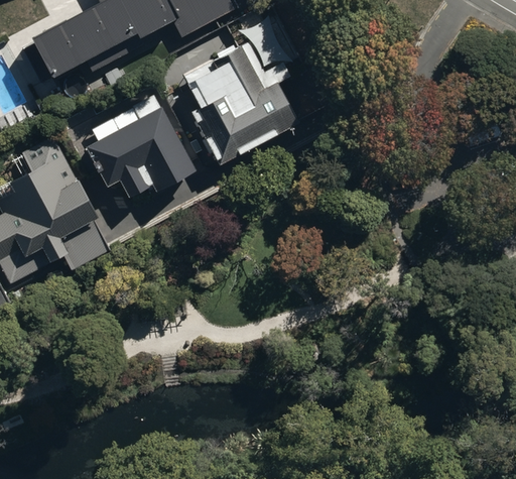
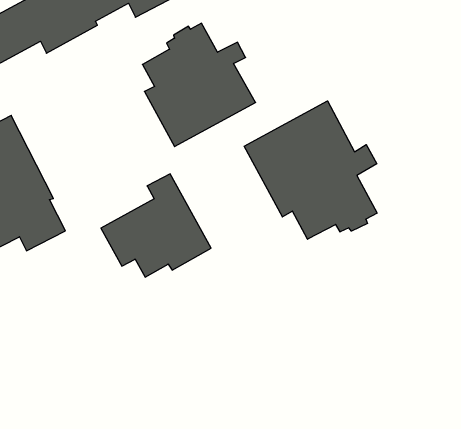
building: [86,94,197,198] -> [101,174,211,277]
building: none -> [244,101,377,239]

